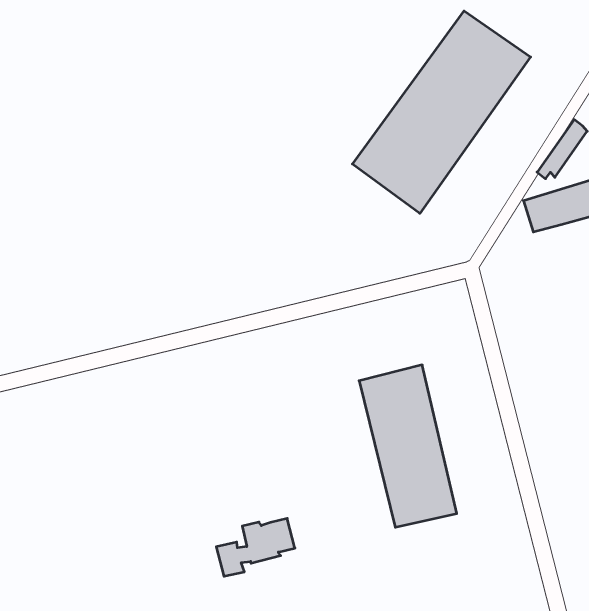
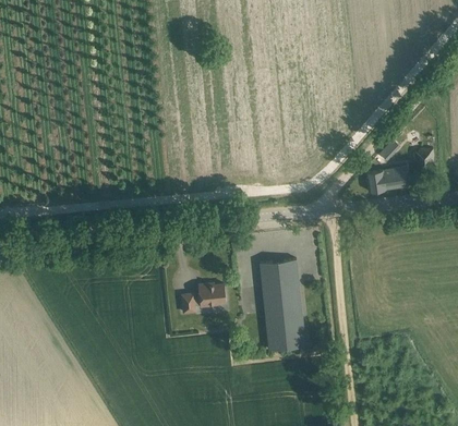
building: [352,11,531,213] -> none
building: [216,518,295,576] -> [182,284,227,313]

